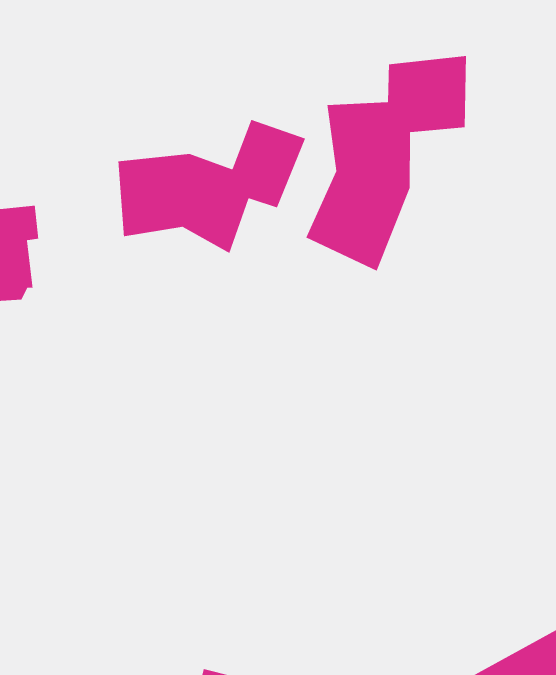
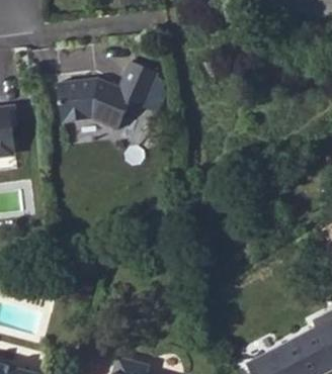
building: [305,55,467,272] -> none

